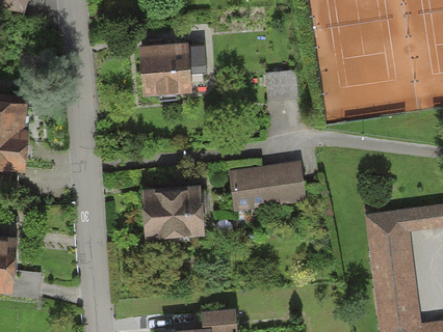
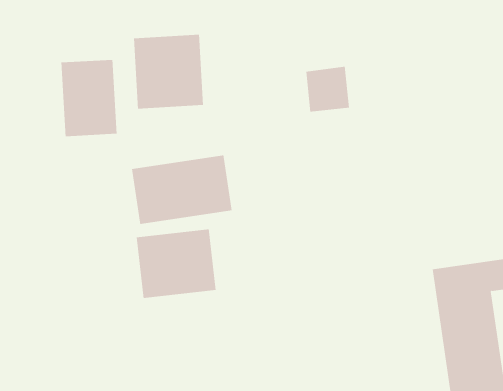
building: none -> [61,59,117,137]
building: [228,163,304,215] -> [131,155,233,224]

